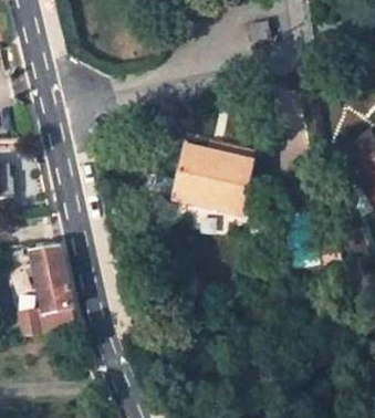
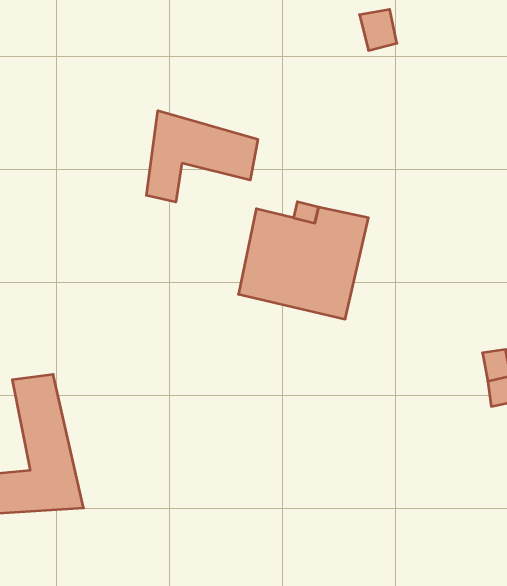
building: none -> [146,111,258,202]

